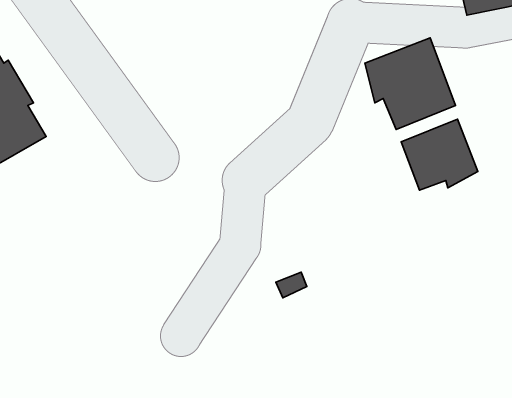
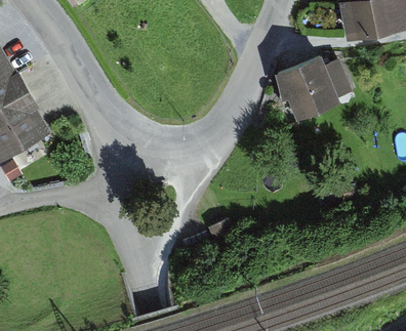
building: [401,119,478,190] -> none

